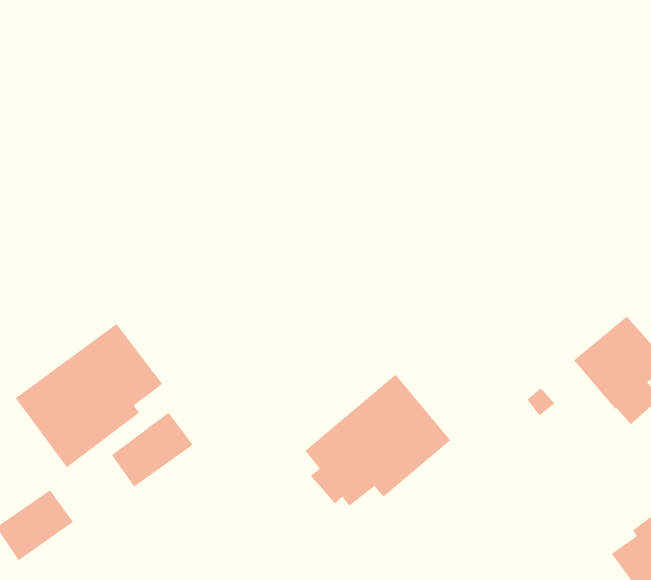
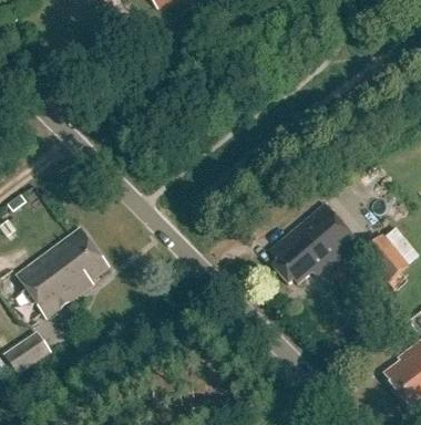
building: [304,374,451,506] -> [269,201,360,283]
building: [111,412,193,487] -> none

